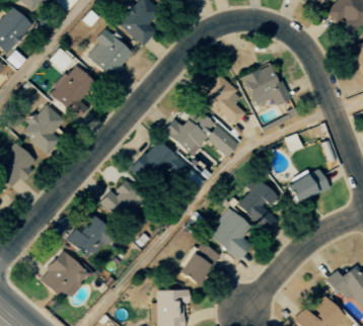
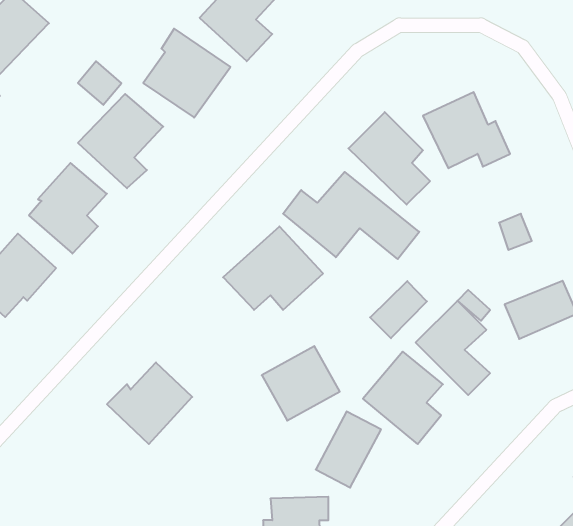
building: none -> [370,281,427,338]
building: [100,181,144,223] -> [262,346,340,421]
building: [39,251,89,297] -> none

